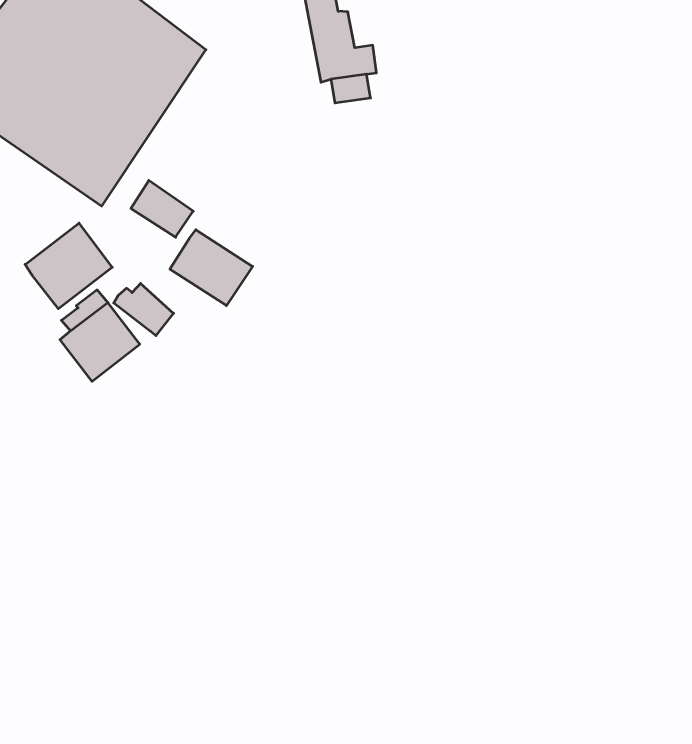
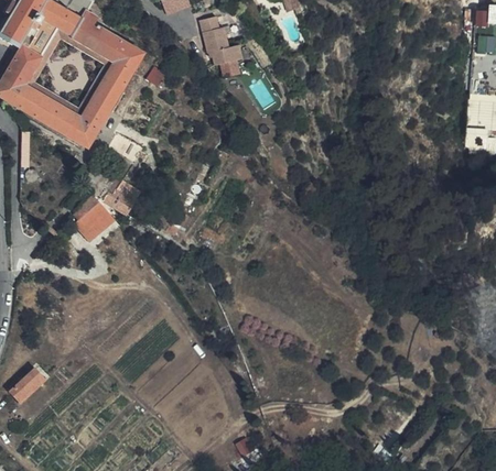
building: [25,223,112,309] -> none
building: [170,230,253,306] -> none

